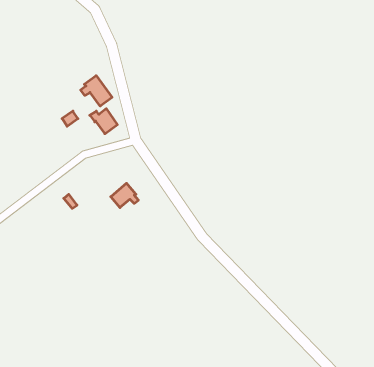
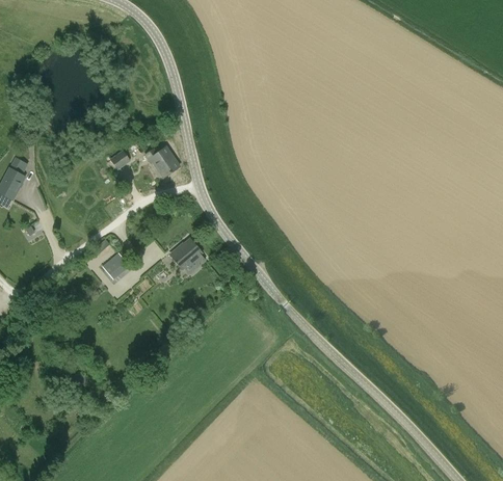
building: [81,76,112,106] -> none

